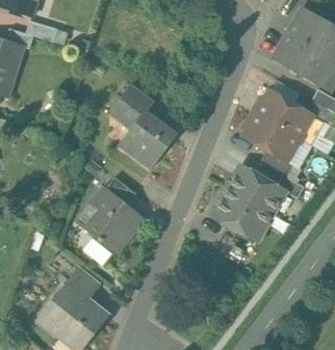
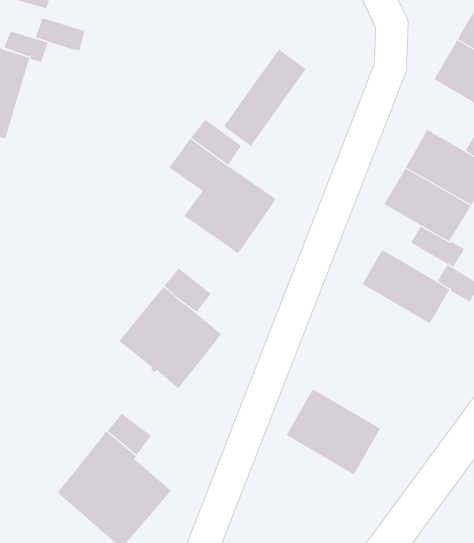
building: none -> [223,48,306,147]
building: [212,186,272,240] -> [286,388,381,475]

